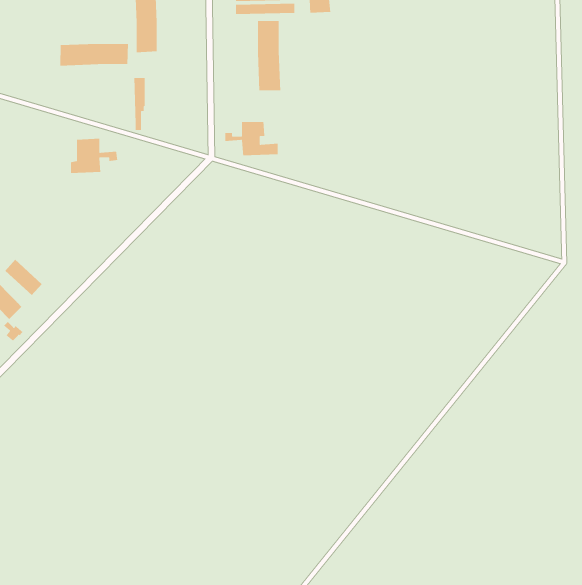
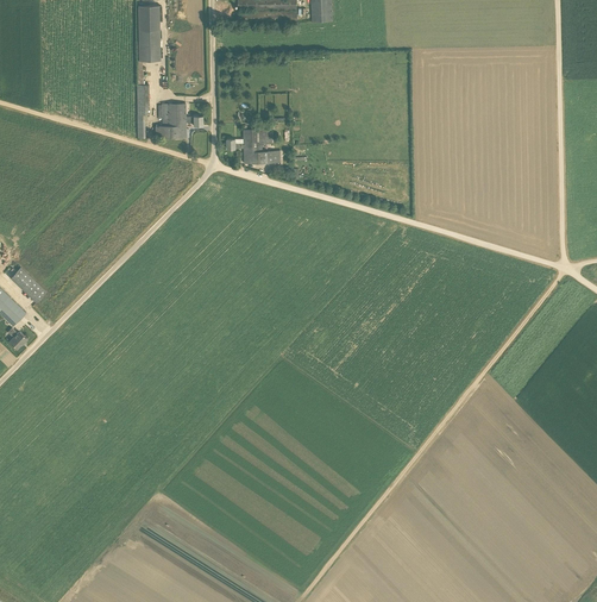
building: [257,20,281,91] -> none
building: [59,43,129,66] -> none
building: [70,138,118,174] -> [155,101,202,137]

